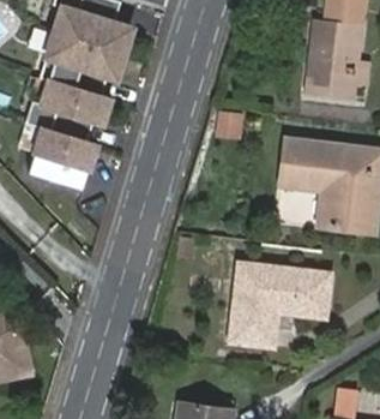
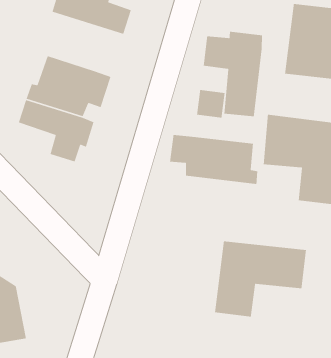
building: [41,26,132,89] -> none
building: none -> [203,31,263,117]
building: none -> [169,134,258,185]

